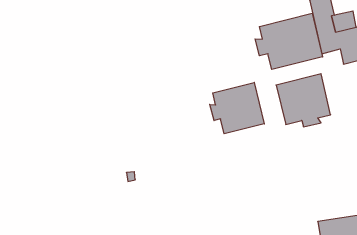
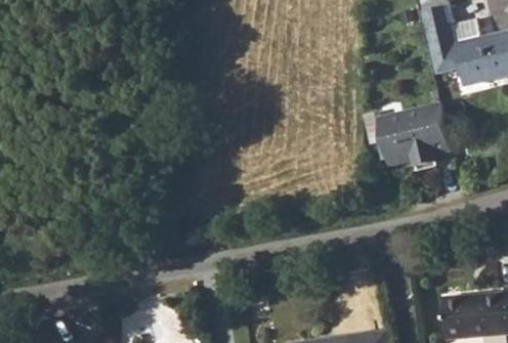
building: [255,13,323,69] -> none
building: [210,82,264,134] -> none

